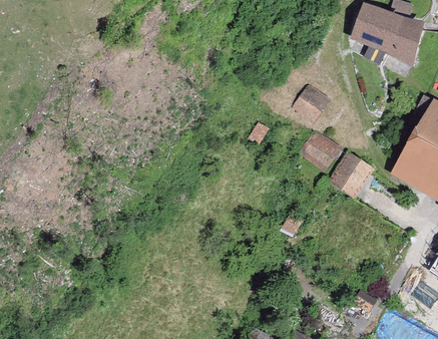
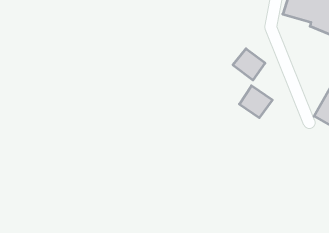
building: [330,153,372,197] -> none

